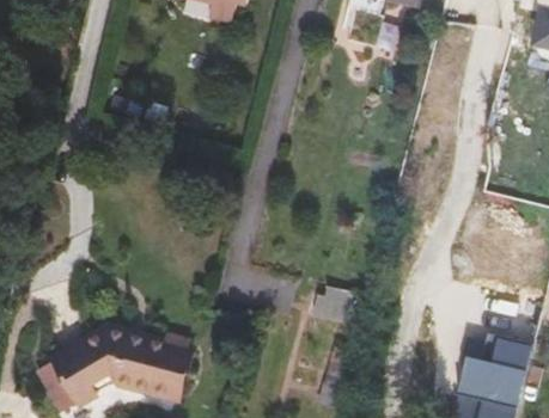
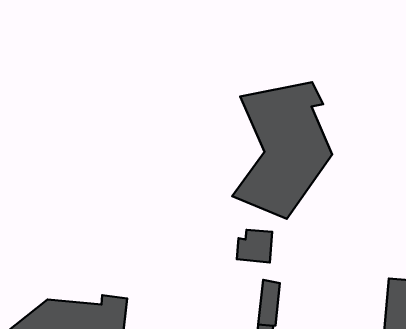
building: none -> [232,82,332,219]

